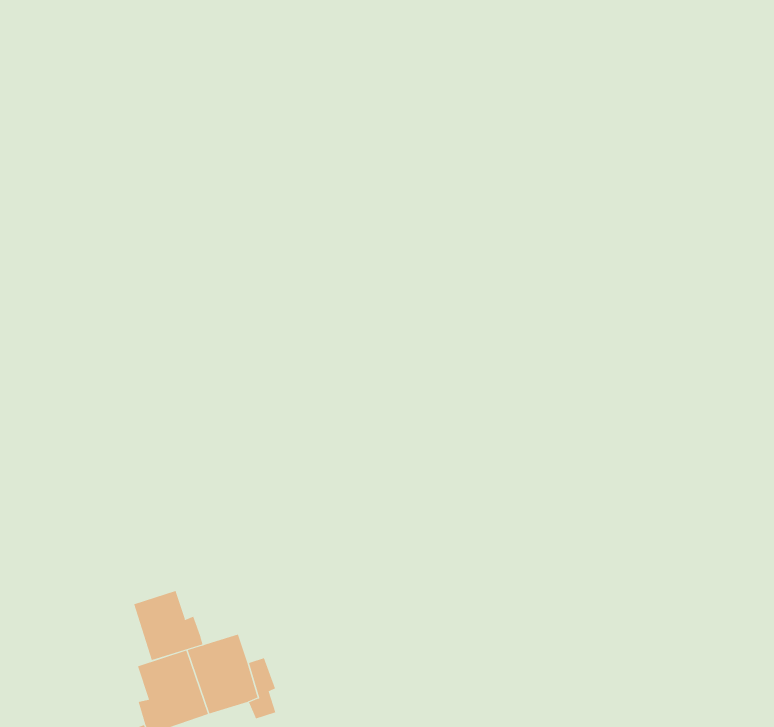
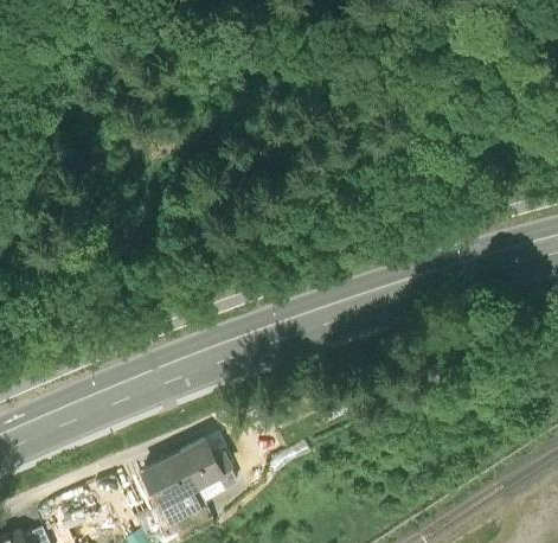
building: [134,590,203,661] -> none

